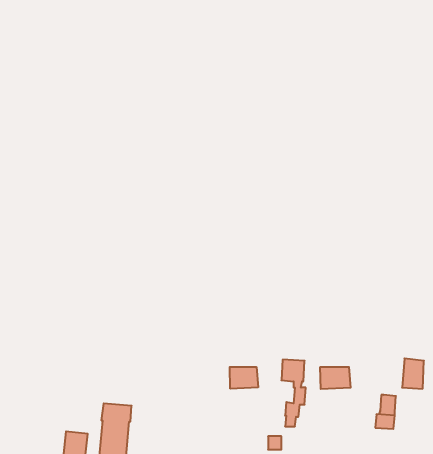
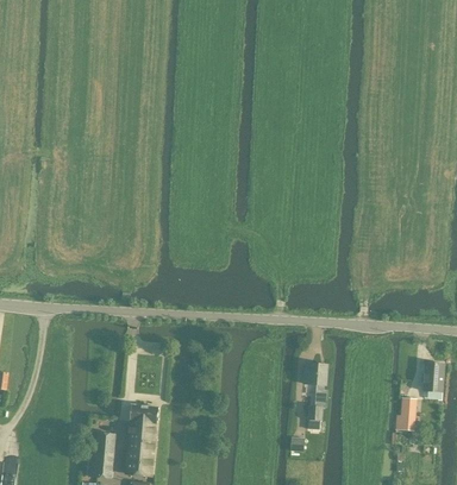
building: [230,367,258,389] -> none
building: [320,367,351,389] -> none

